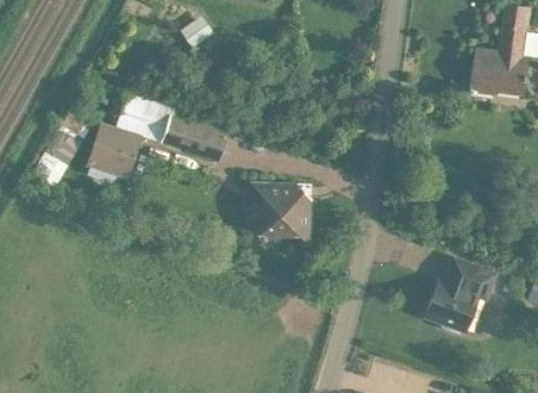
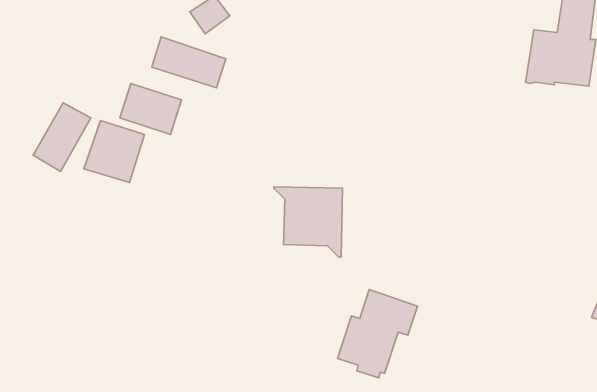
building: [162,116,226,160] -> [152,37,226,88]
building: [426,257,495,333] -> [338,290,417,378]

